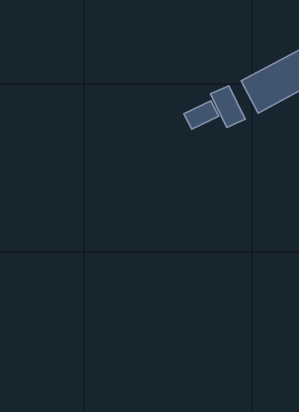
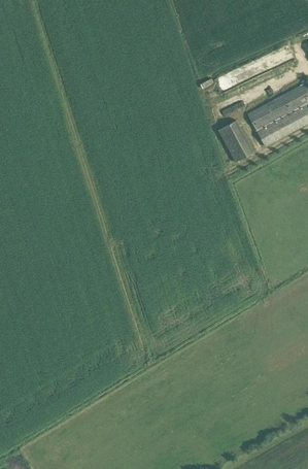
building: [184,101,219,129] -> none

